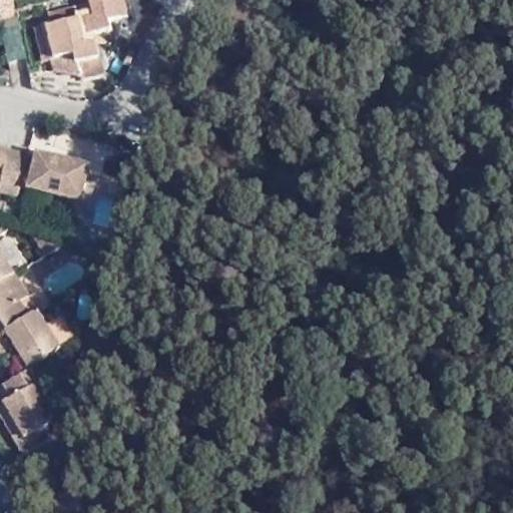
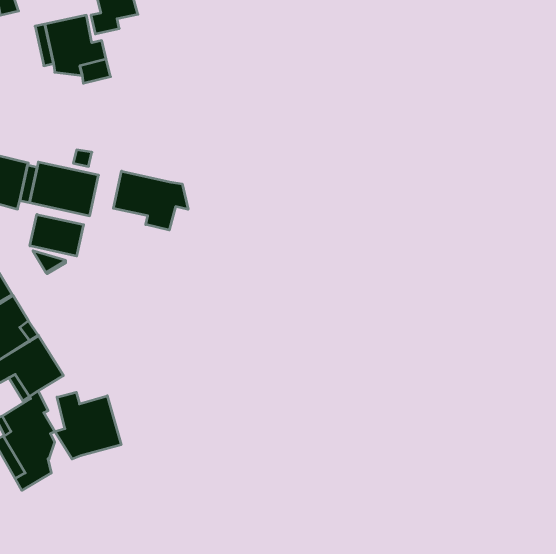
building: none -> [113,171,188,230]
building: none -> [30,214,84,256]
building: none -> [55,392,121,459]

